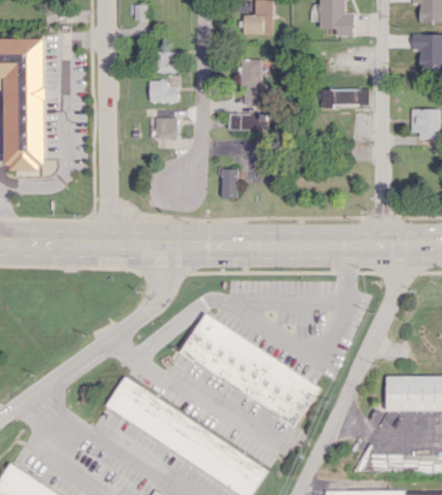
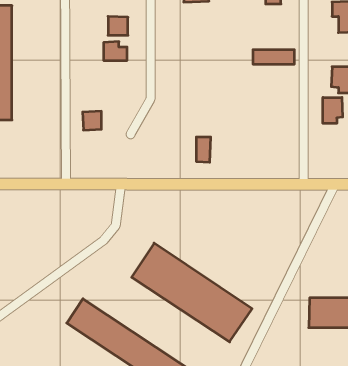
building: [239,59,263,106] -> none
building: [228,113,259,130] -> none
building: [155,117,176,139] -> [83,111,101,130]
building: none -> [323,97,343,123]
building: [221,169,238,198] -> [196,137,211,162]

